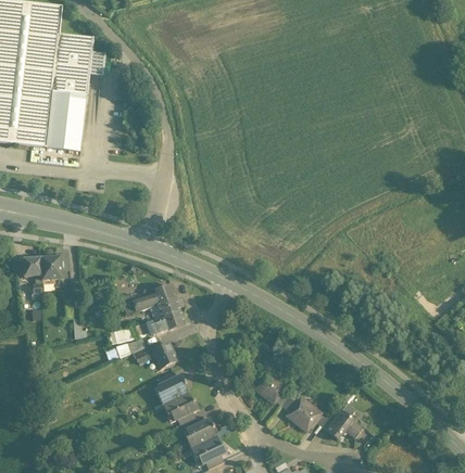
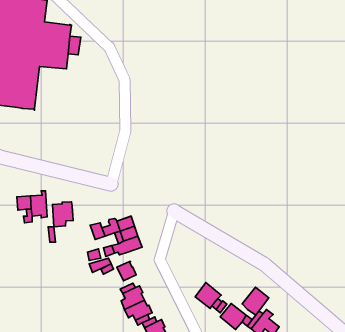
building: [46,91,87,151] -> none
building: none -> [52,202,73,227]
building: none -> [242,287,269,315]

